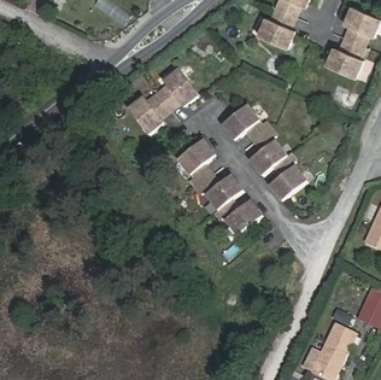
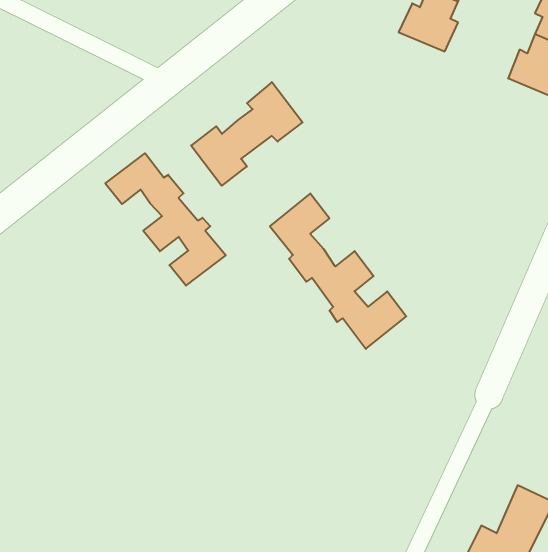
building: [222,105,306,201] -> none
building: none -> [105,153,226,286]

